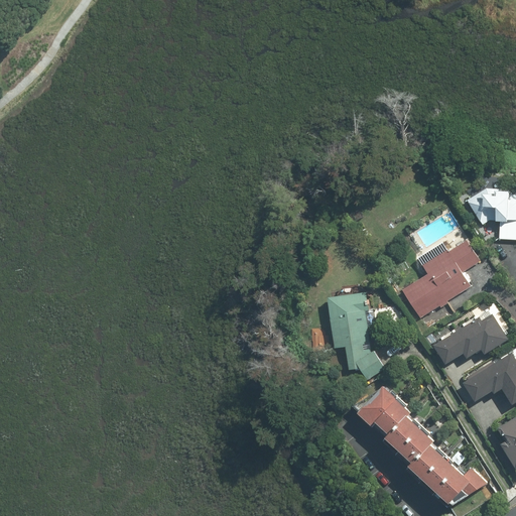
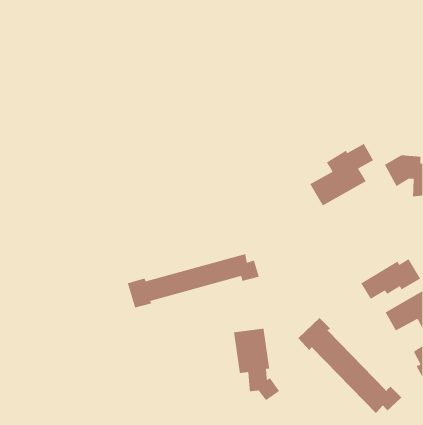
building: [400,241,479,317] -> [309,143,374,206]
building: [328,292,384,381] -> [233,328,280,401]
building: none -> [127,253,260,309]

